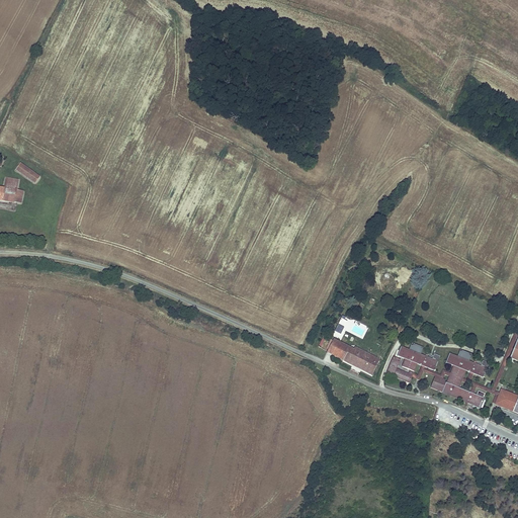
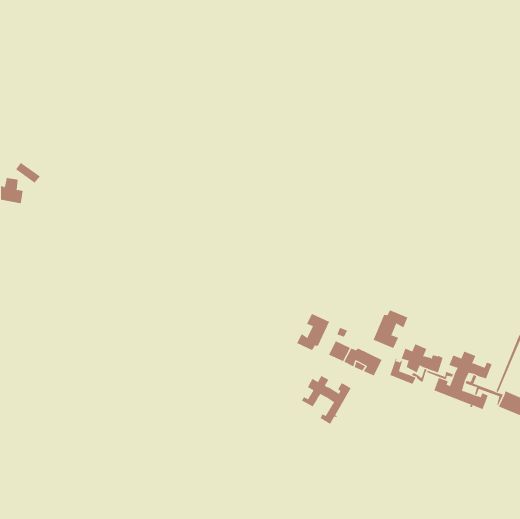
building: none -> [373,310,408,349]
building: none -> [297,313,330,351]
building: none -> [301,375,352,425]

